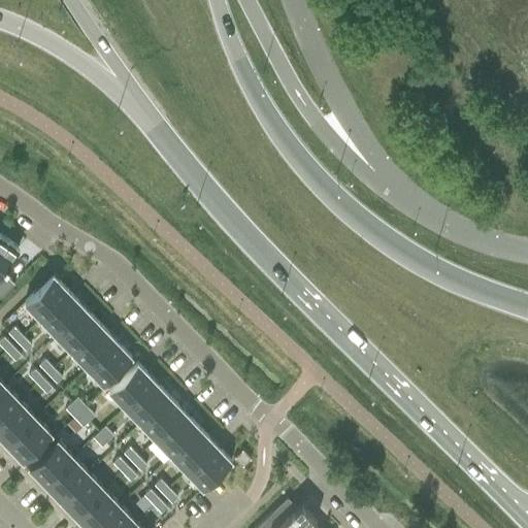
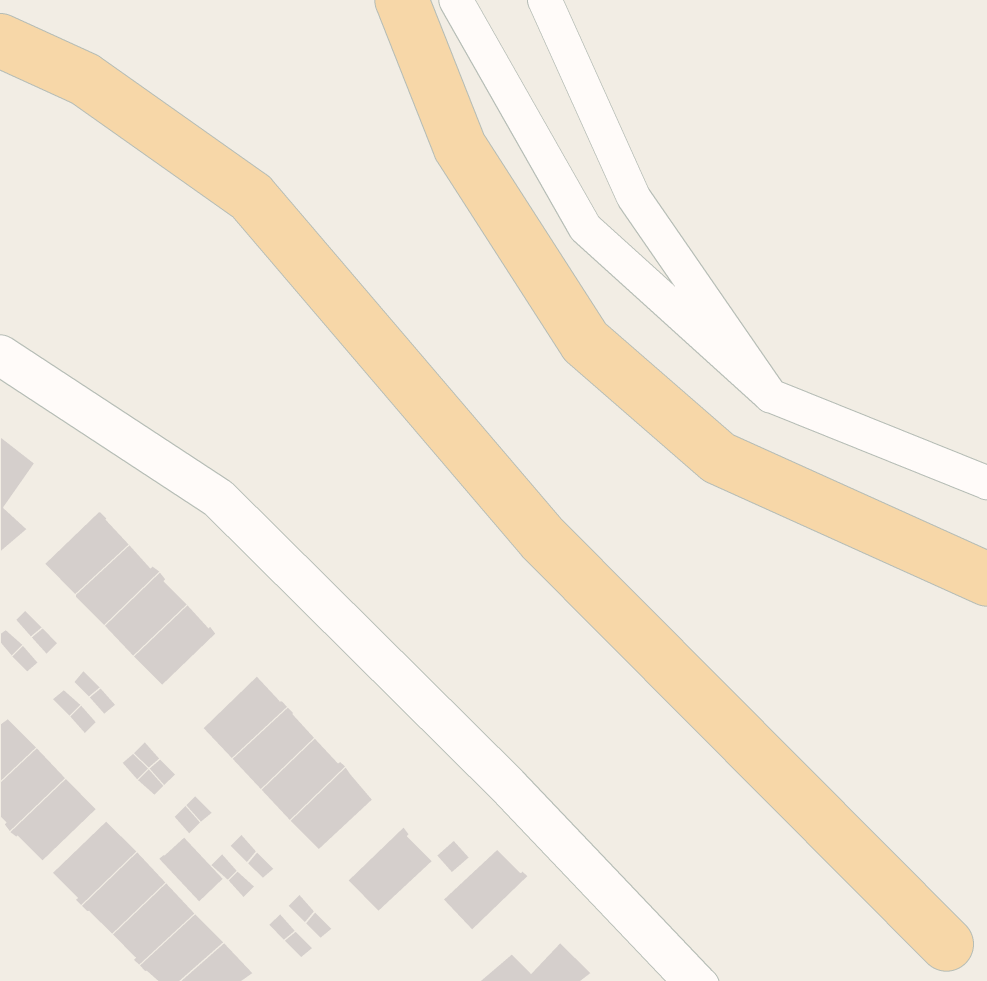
building: [87,341,131,387] -> none
building: [170,430,216,473] -> [443,849,528,930]
building: none -> [158,837,223,902]

